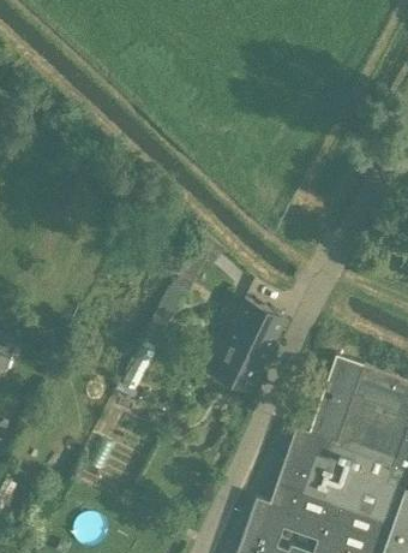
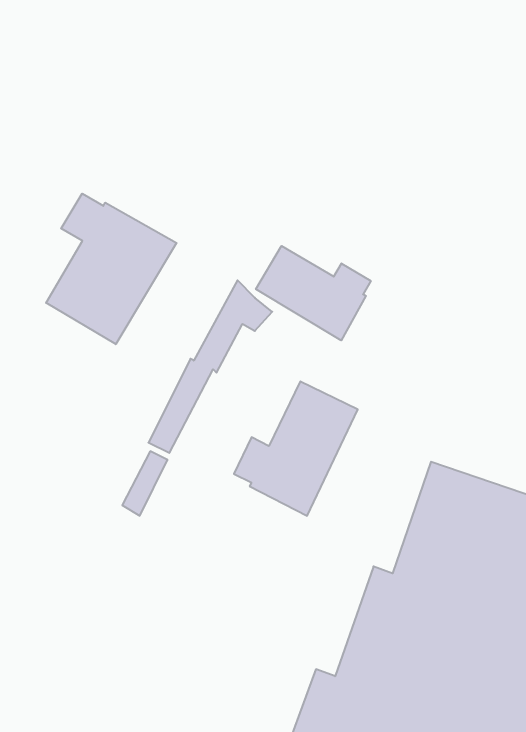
building: none -> [46,194,177,344]
building: none -> [256,246,371,340]

